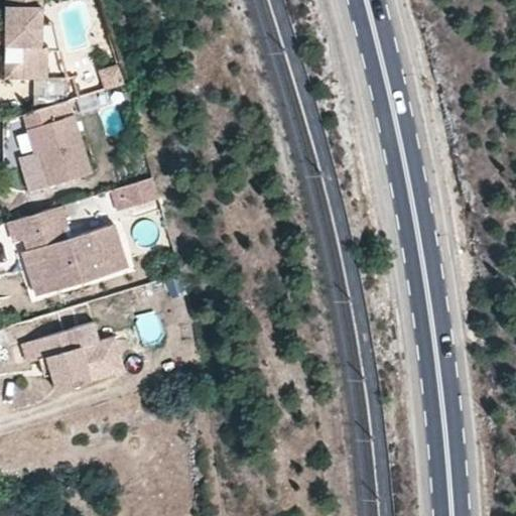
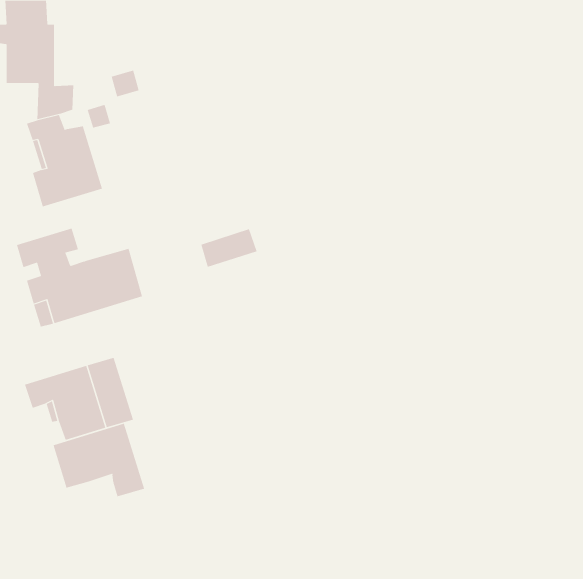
building: [109,179,159,214] -> [200,229,258,267]
building: none -> [53,423,145,497]

